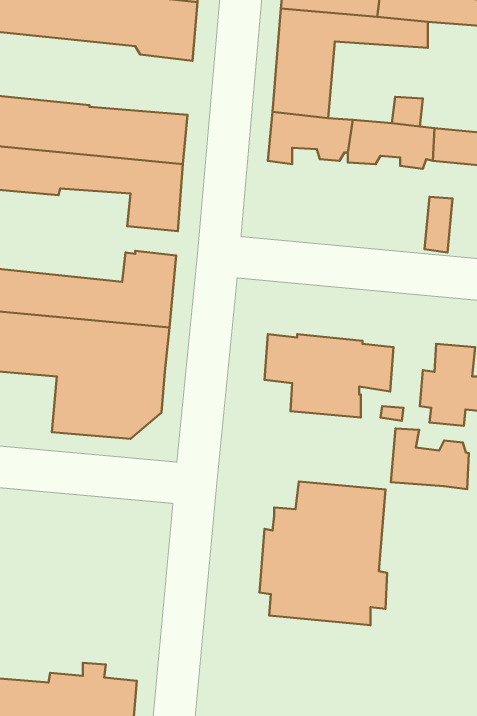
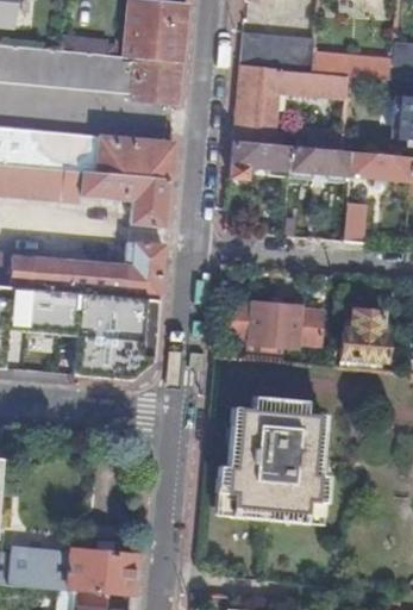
building: [391,429,469,489] -> none

